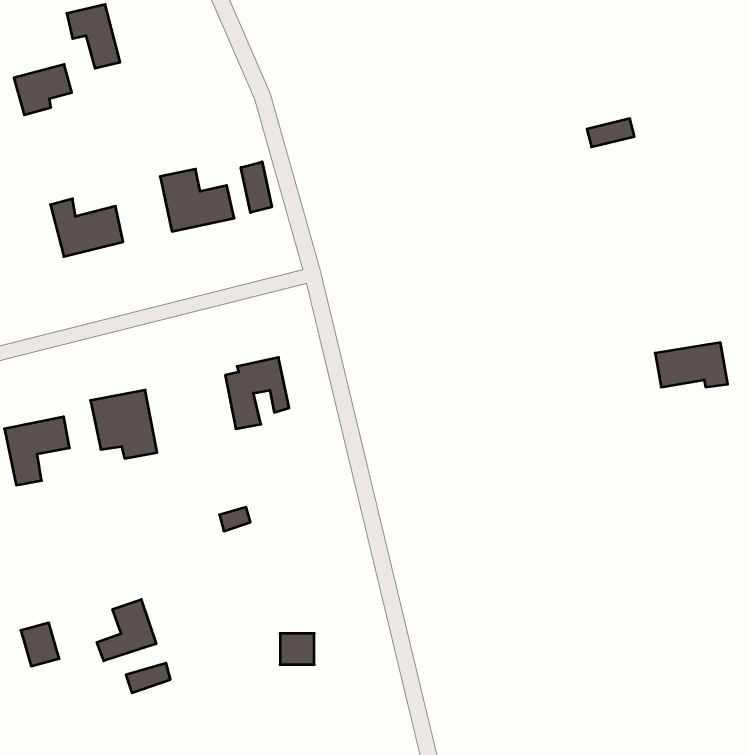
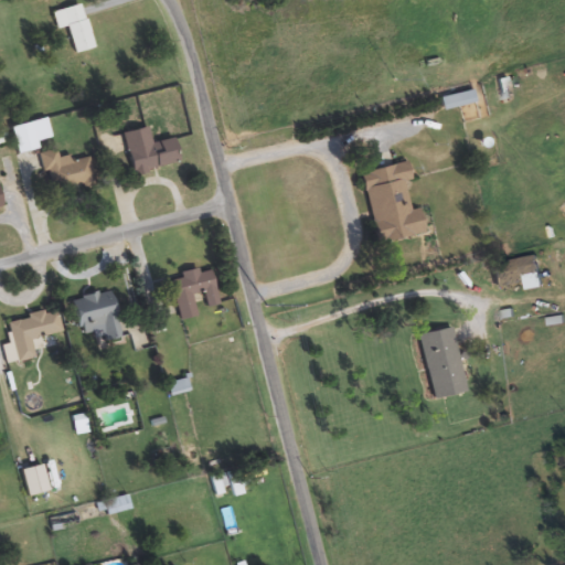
building: [14,64,72,115] -> [11,116,54,153]
building: [241,162,272,213] -> none
building: none -> [362,161,426,242]
building: none -> [420,326,468,396]
building: [97,599,156,661] -> none

